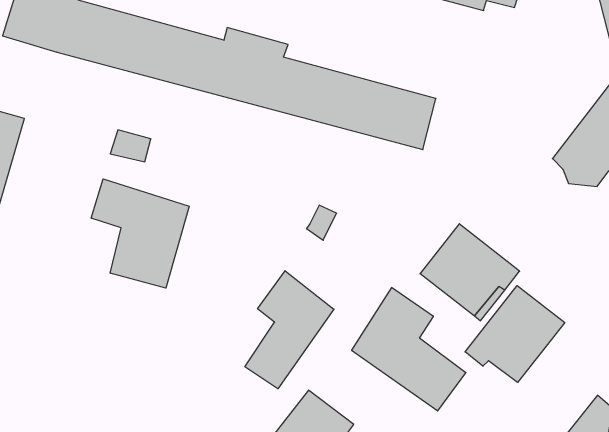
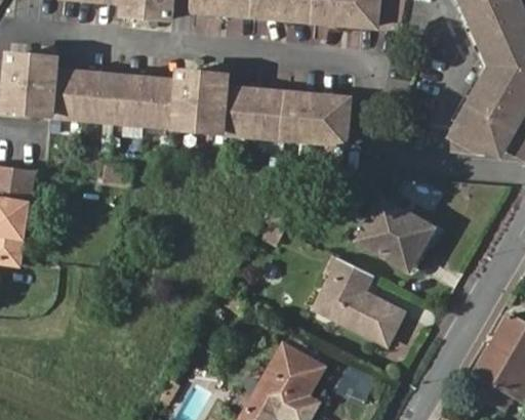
building: [91,179,189,288] -> none
building: [245,271,334,389] -> none
building: [465,286,565,382] -> none

